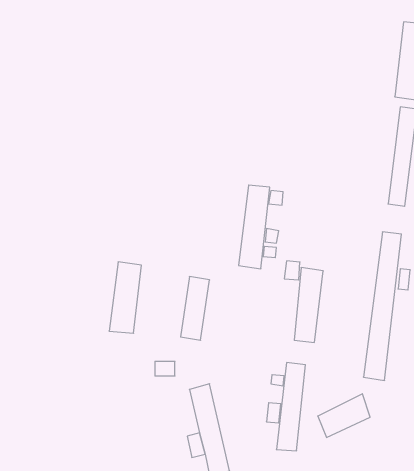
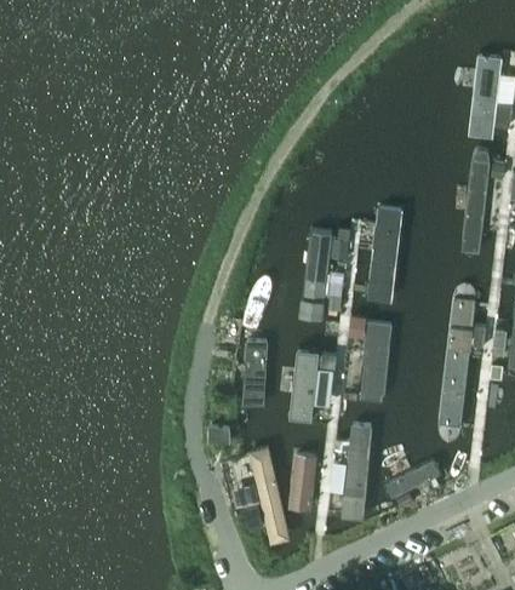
building: none -> [366,205,405,307]
building: [109,262,141,333] -> [290,349,325,426]
building: none -> [291,452,320,514]

